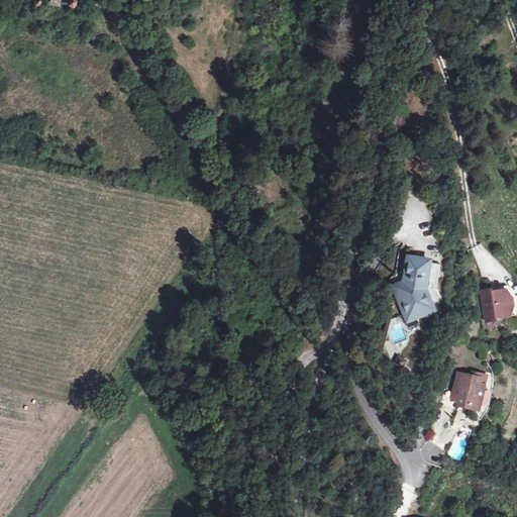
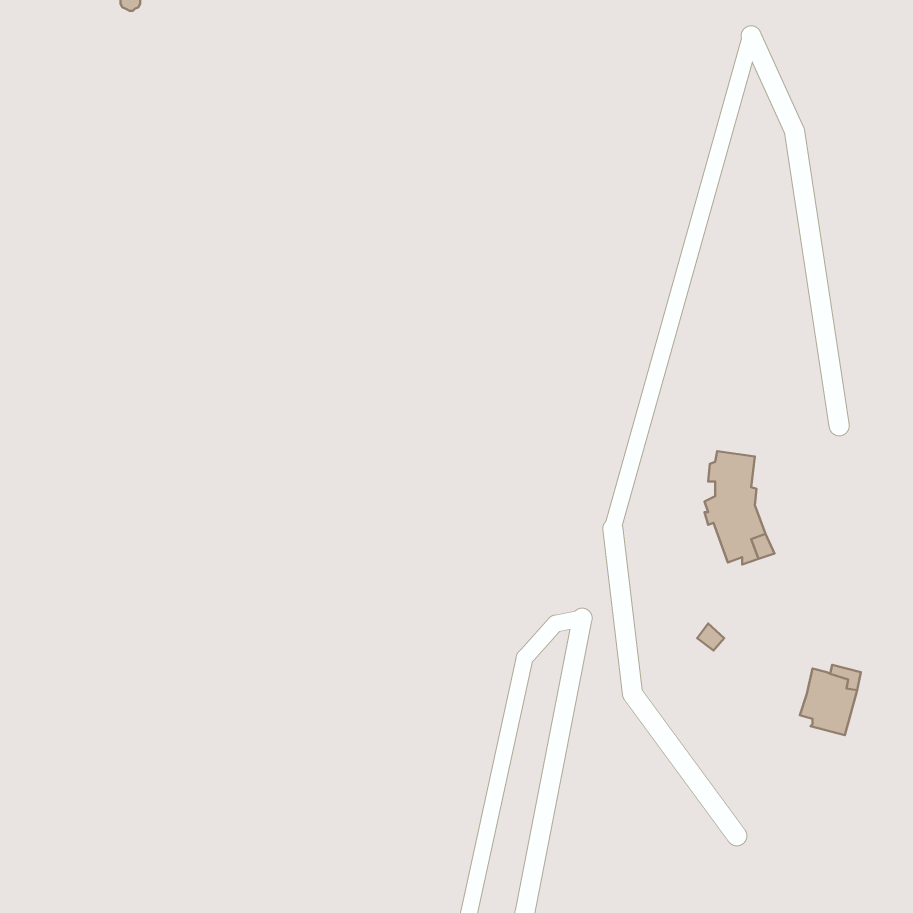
building: [478,288,511,316] -> none

